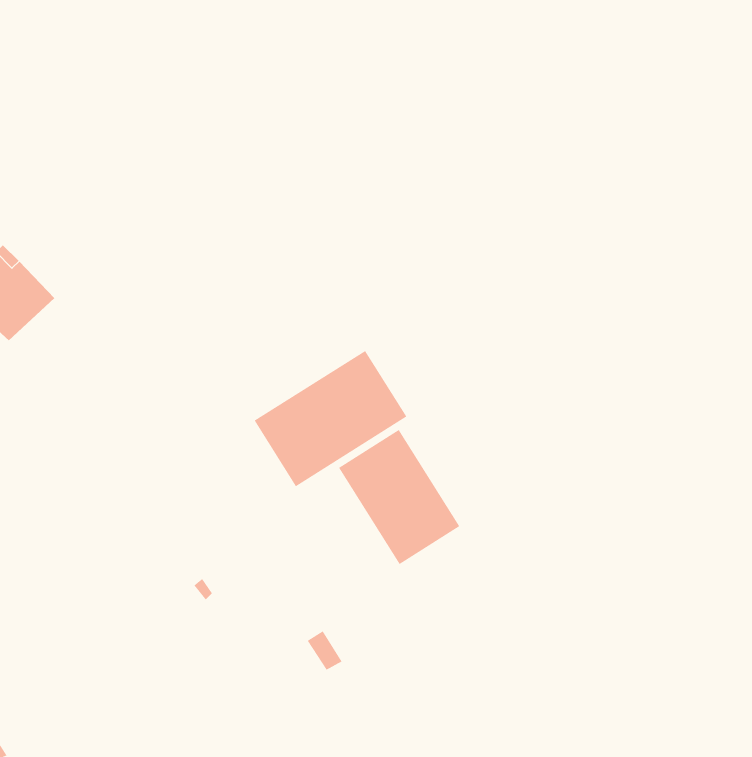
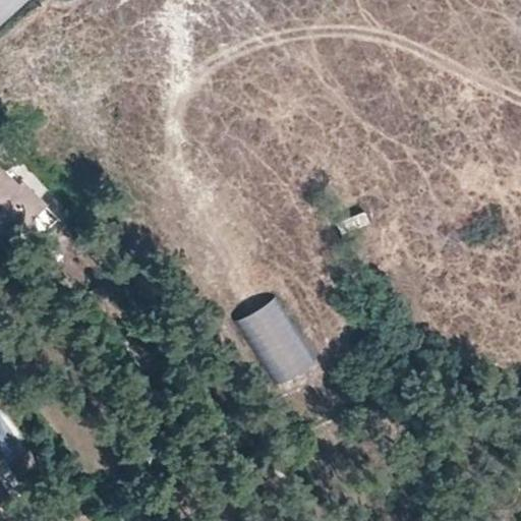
building: [254,350,407,487] -> none

